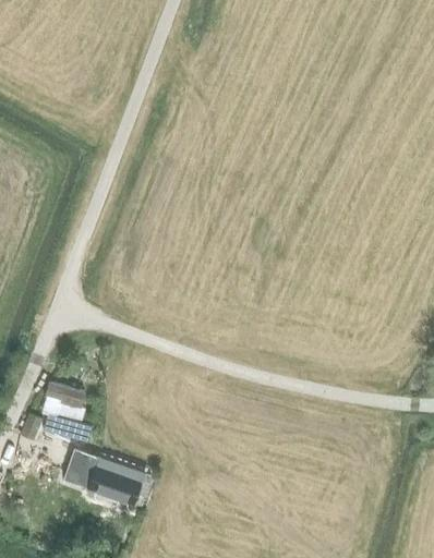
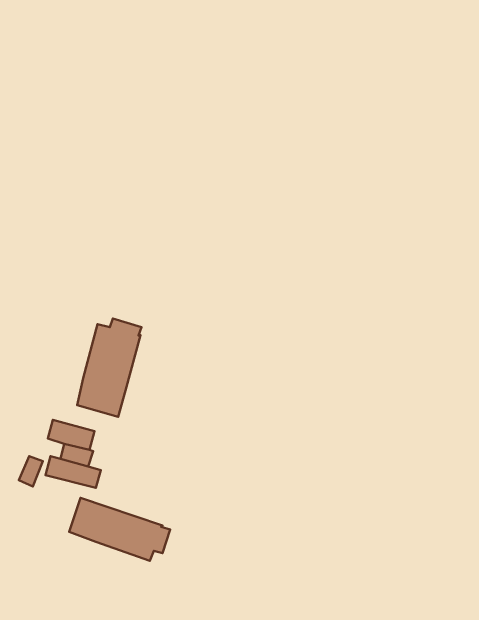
building: none -> [77,319,141,417]

